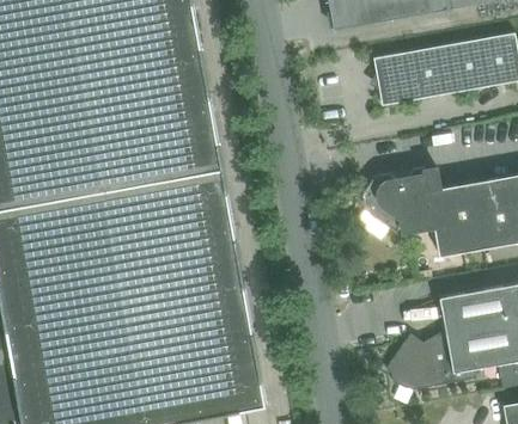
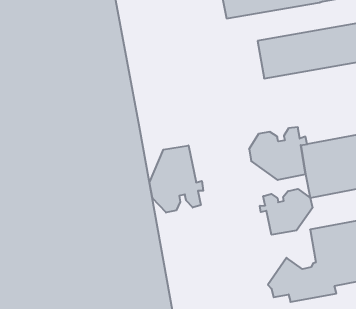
building: none -> [149,145,203,213]
building: none -> [260,189,312,235]

